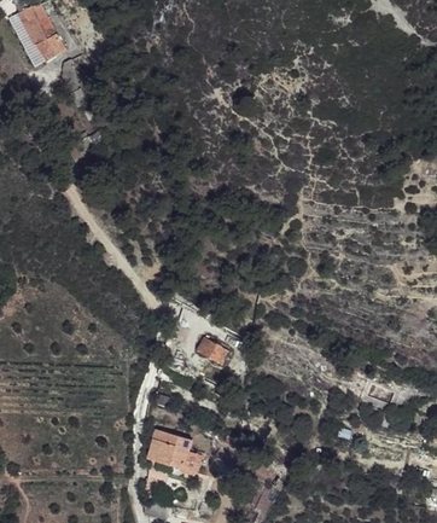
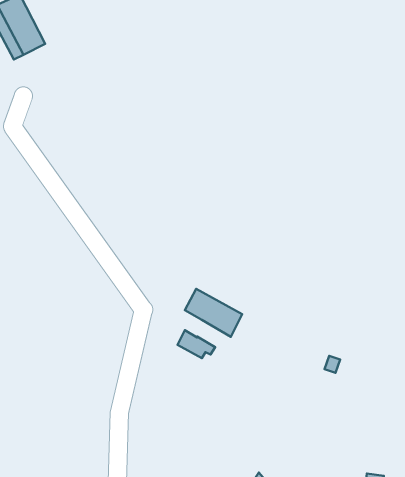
building: none -> [185,289,242,337]
building: [146,429,202,473] -> none

